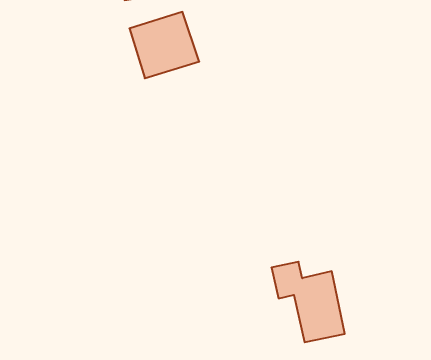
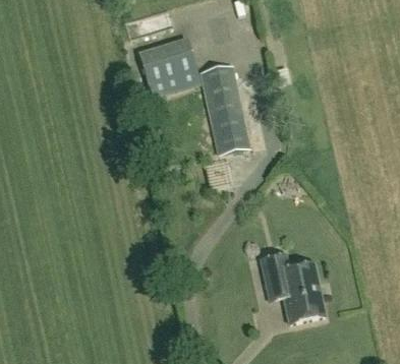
building: none -> [198,64,250,156]

